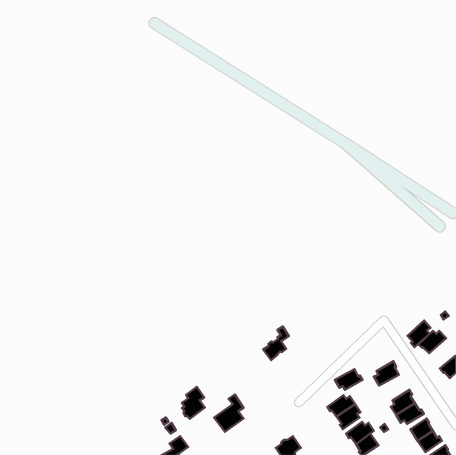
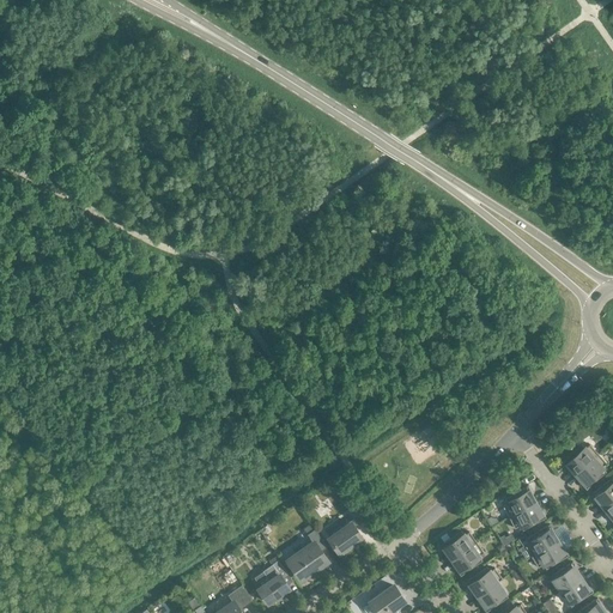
building: [407,321,431,347] -> [576,455,607,491]
building: [263,326,289,360] -> [329,509,364,554]
building: [335,369,363,390] -> [509,504,546,532]
building: [182,387,205,419] -> [257,562,289,605]

